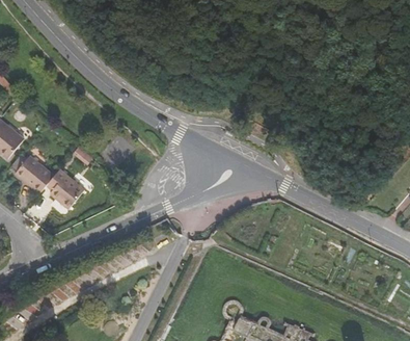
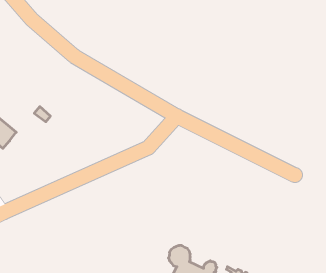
building: [46,167,83,207] -> none

